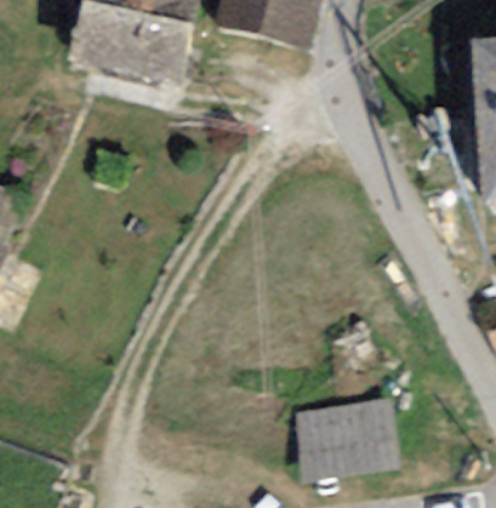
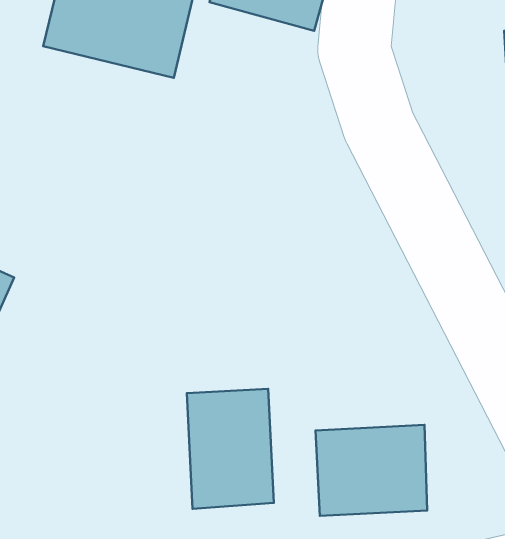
building: none -> [187,389,274,509]

